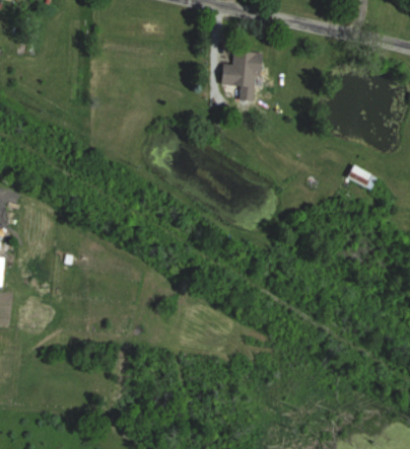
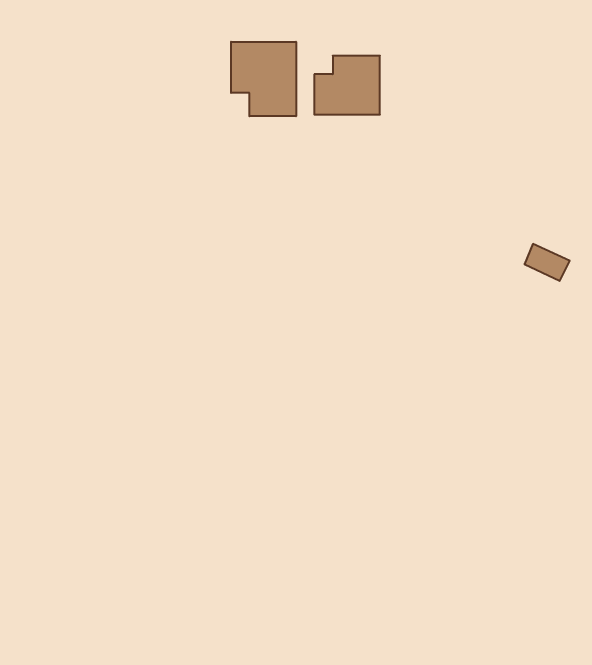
building: none -> [231,42,296,116]

